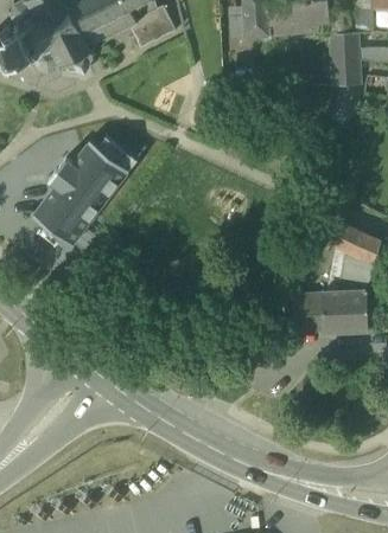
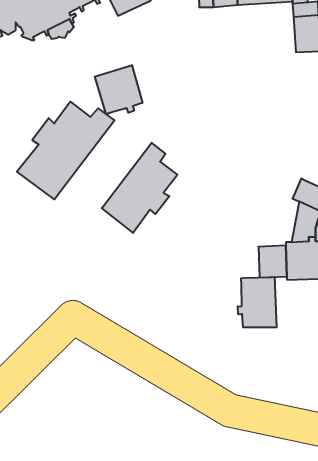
building: none -> [95,65,142,114]
building: none -> [102,143,177,233]
building: none -> [238,277,277,327]

